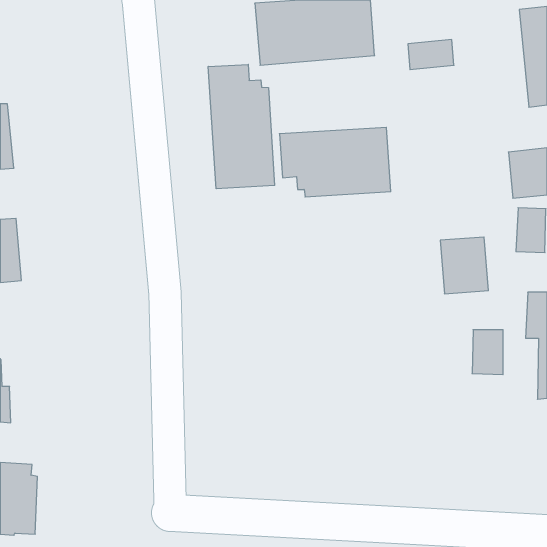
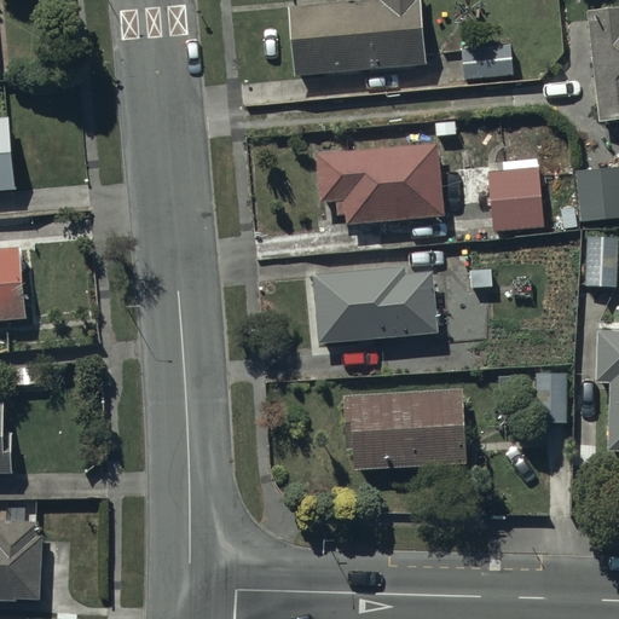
building: [208,64,275,189] -> none
building: none -> [312,264,436,342]
building: [440,237,488,294] -> [488,168,543,232]
building: none -> [342,388,465,468]

